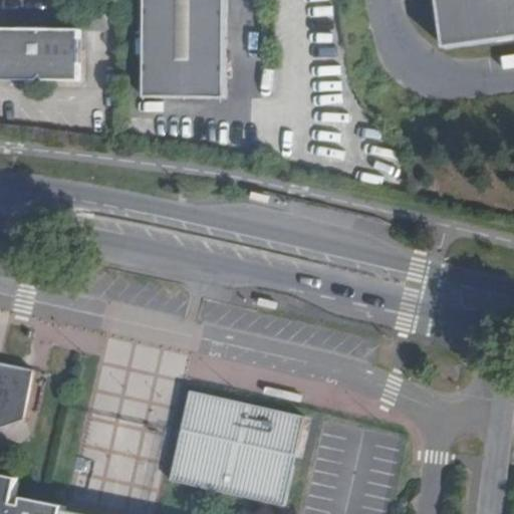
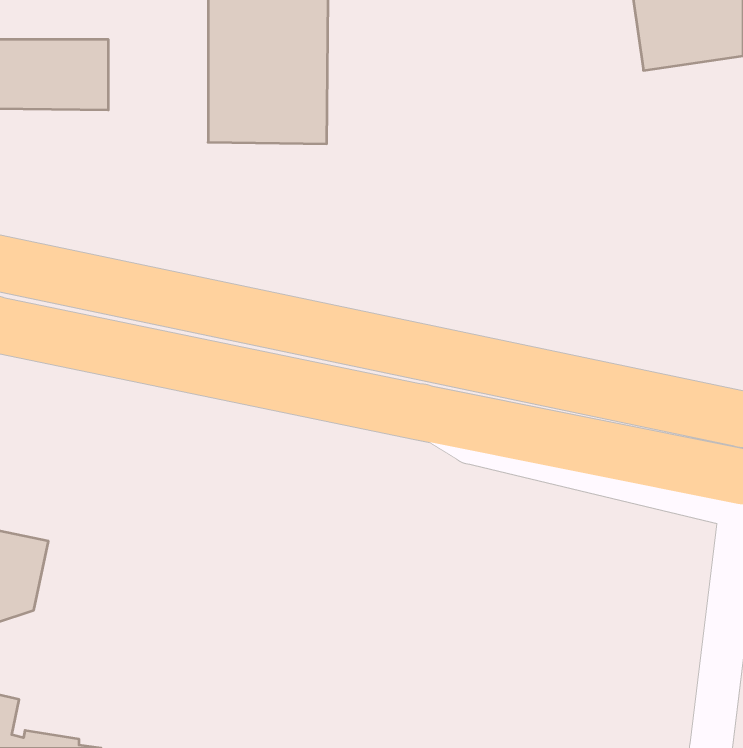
building: [171,393,299,503] -> none

